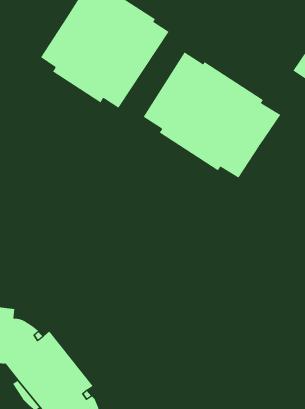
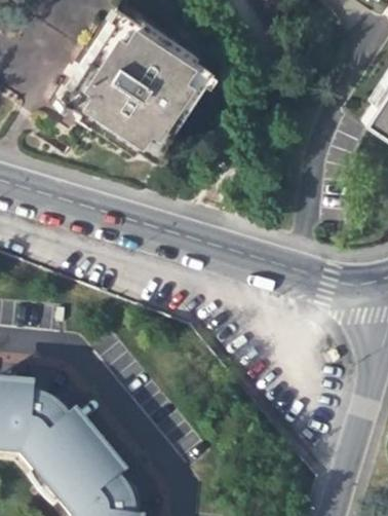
building: [143,51,281,179] -> none

